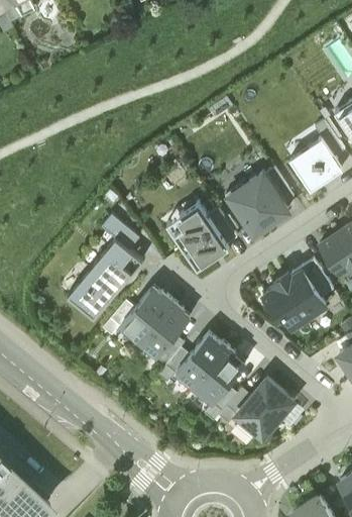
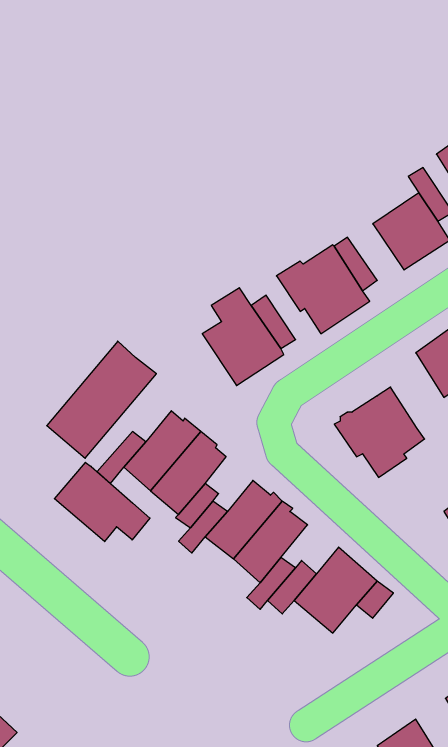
building: [102,214,139,250] -> none
building: [291,261,334,299] -> none
building: none -> [54,462,150,542]

